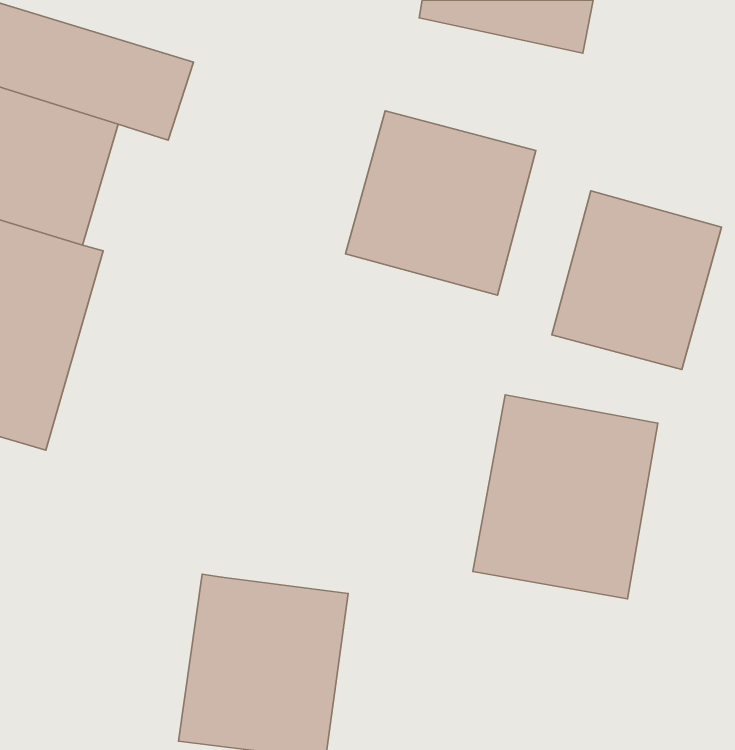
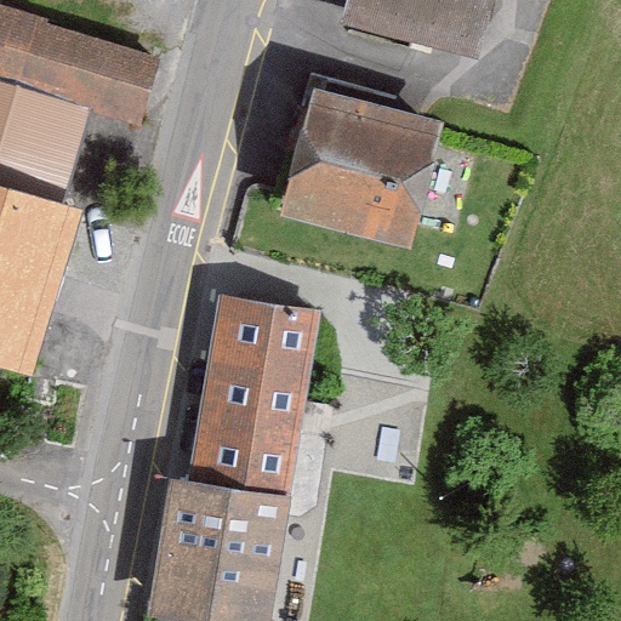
building: [552,191,722,369] -> none
building: none -> [182,294,314,491]
building: [473,395,658,599] -> none

